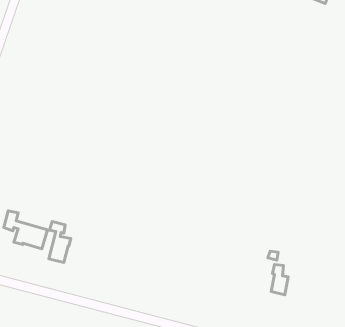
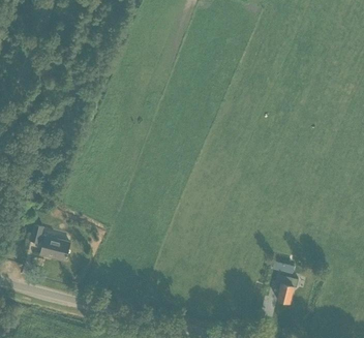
building: [49,221,71,262] -> none

